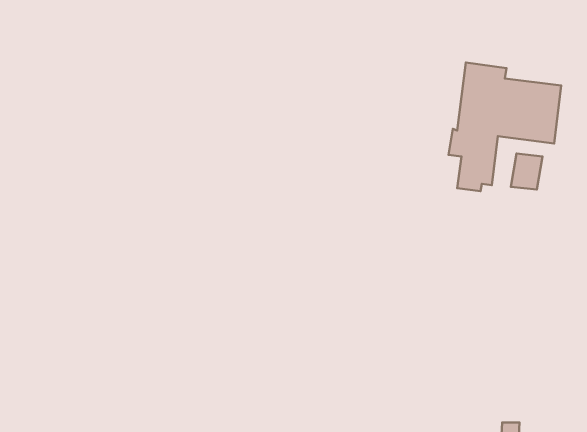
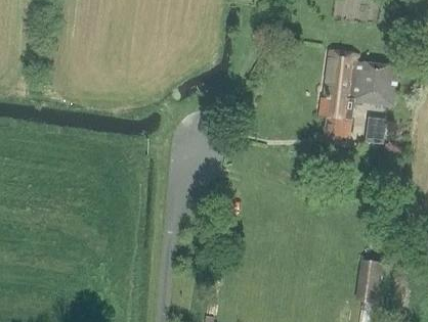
building: none -> [356,259,383,304]

